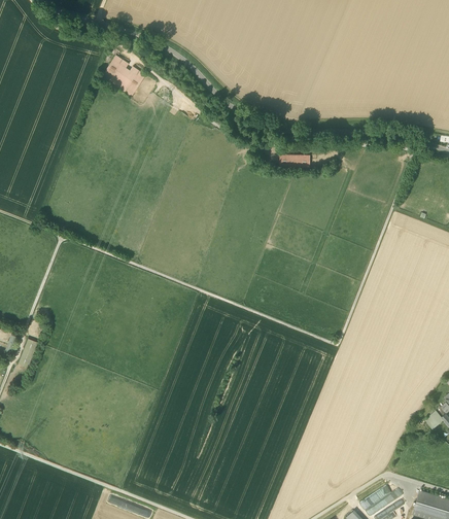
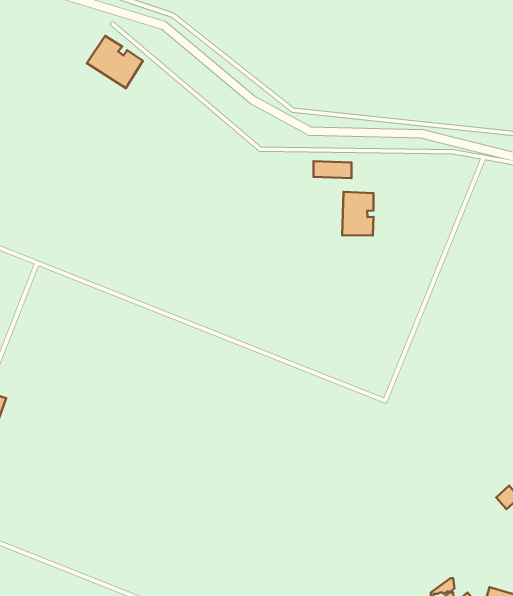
building: none -> [342,192,374,235]

